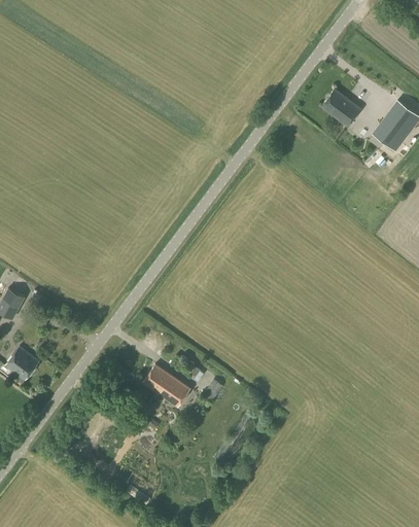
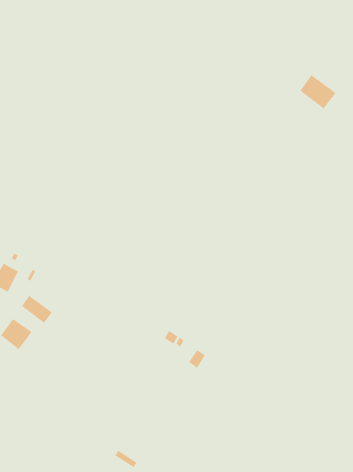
building: none -> [21,295,53,324]
building: [143,364,189,406] -> none

